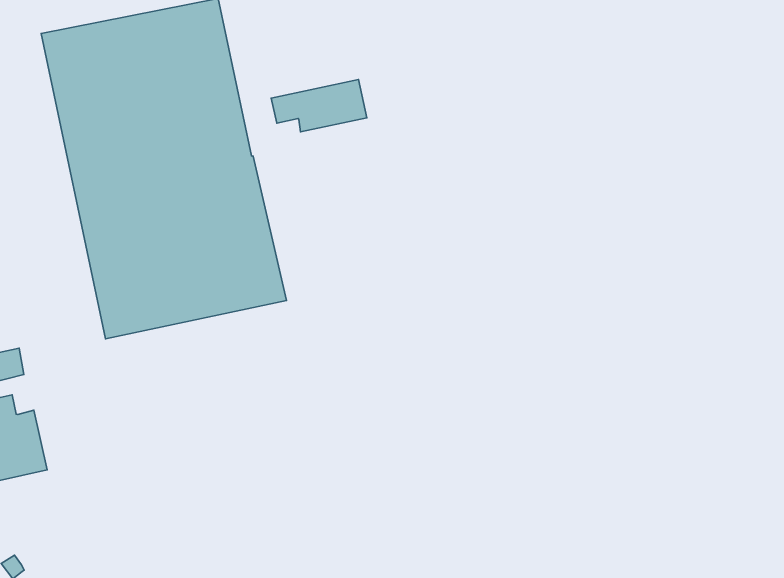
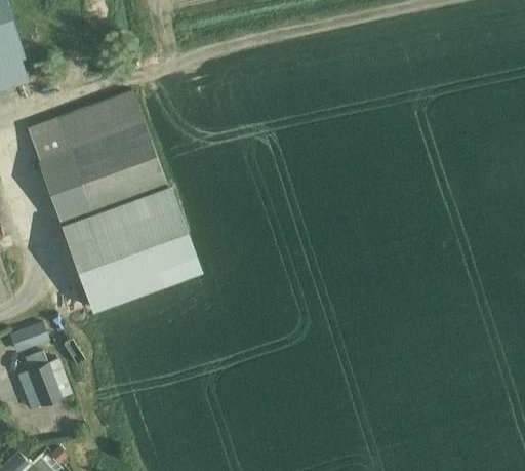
building: [271,80,367,132] -> none

